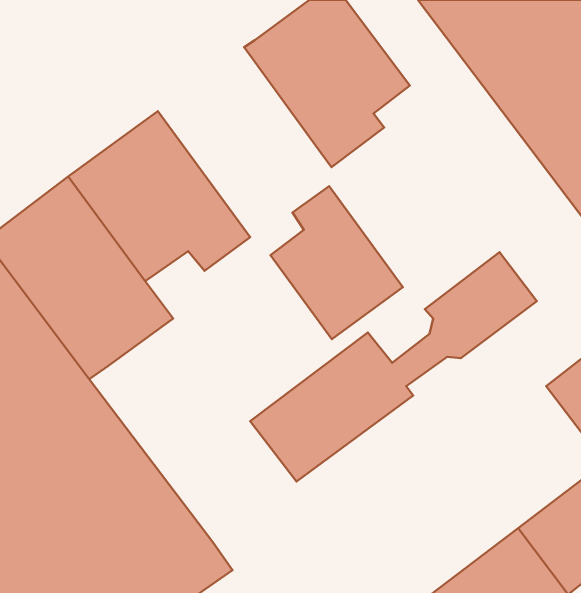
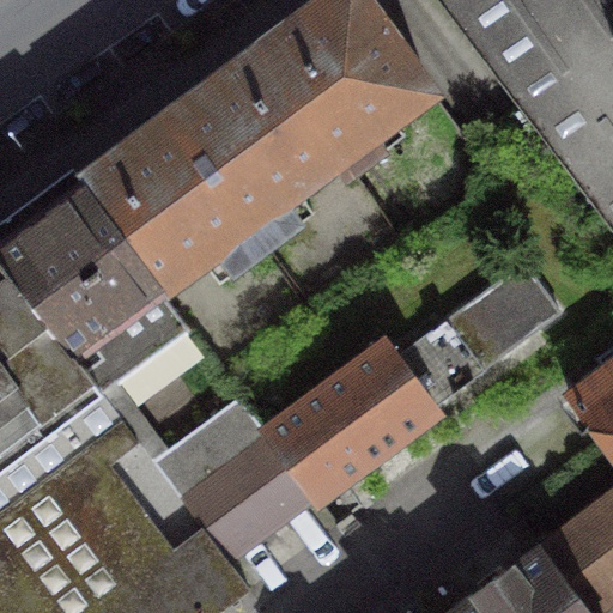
building: none -> [171,49,339,244]
building: [270,186,403,339] -> none
building: none -> [101,377,314,558]

